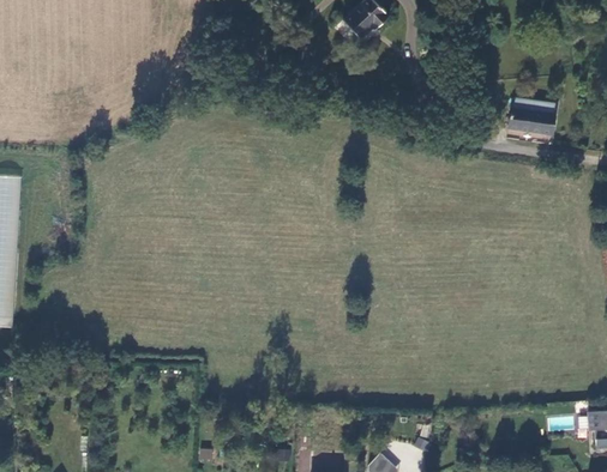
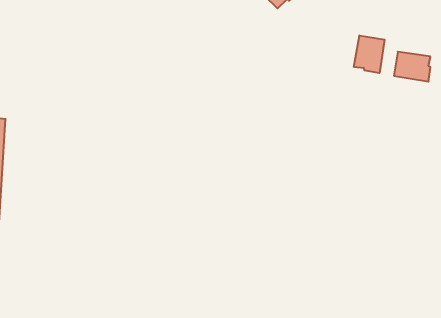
building: none -> [354,35,385,73]

